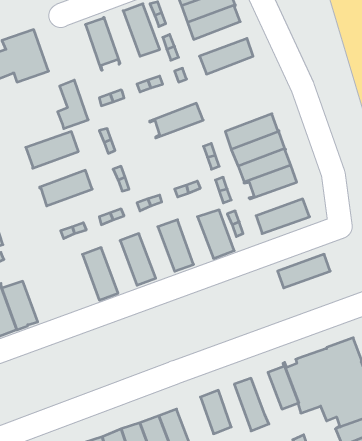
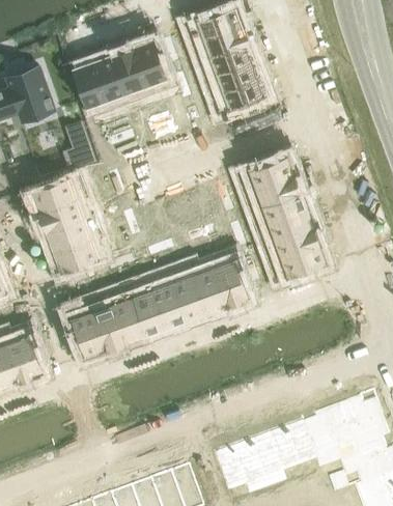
building: none -> [112,48,149,103]
building: none -> [71,62,109,117]
building: [150,103,203,138] -> [205,59,261,95]
building: none -> [37,195,92,232]
building: none -> [52,234,103,273]
building: none -> [189,263,226,313]
building: none -> [148,274,186,328]
building: none -> [109,288,146,343]
building: [278,254,330,288] -> [264,227,319,262]
building: none -> [66,303,107,358]
building: none -> [265,426,298,471]
building: none -> [231,439,265,493]

